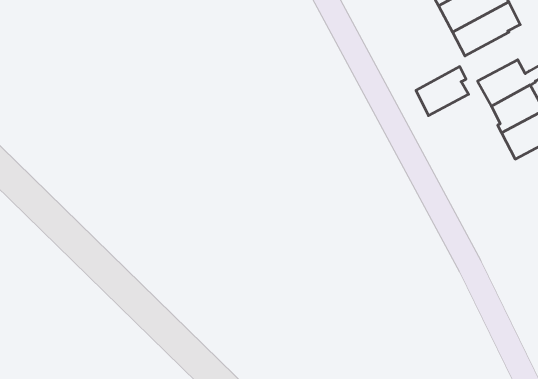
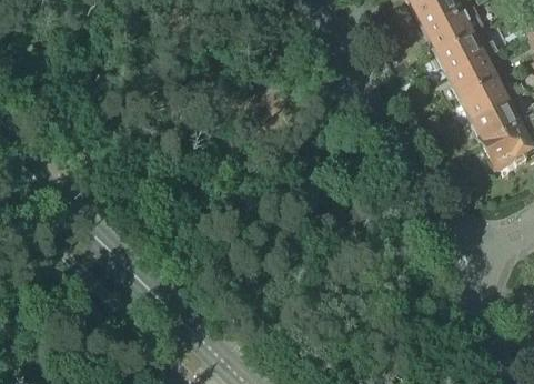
building: [416,67,469,116] -> [451,58,497,101]

